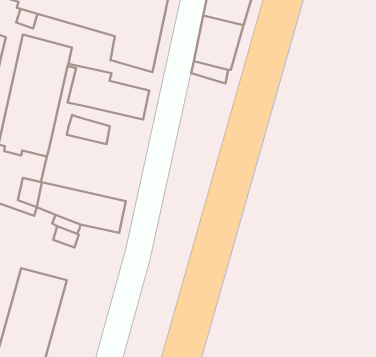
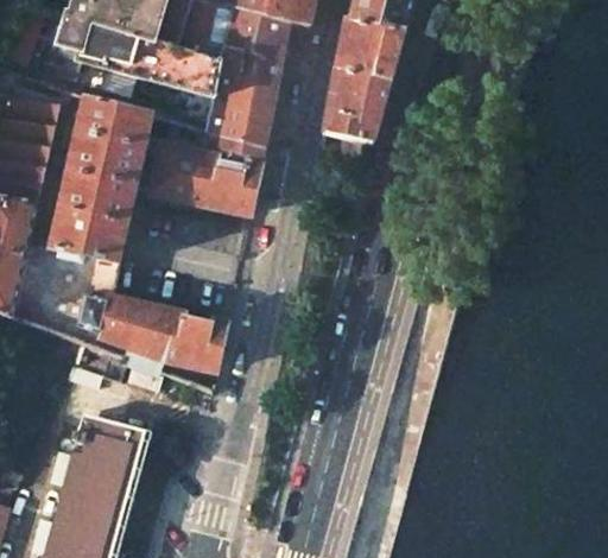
building: [67,115,110,144] -> [204,133,264,173]

